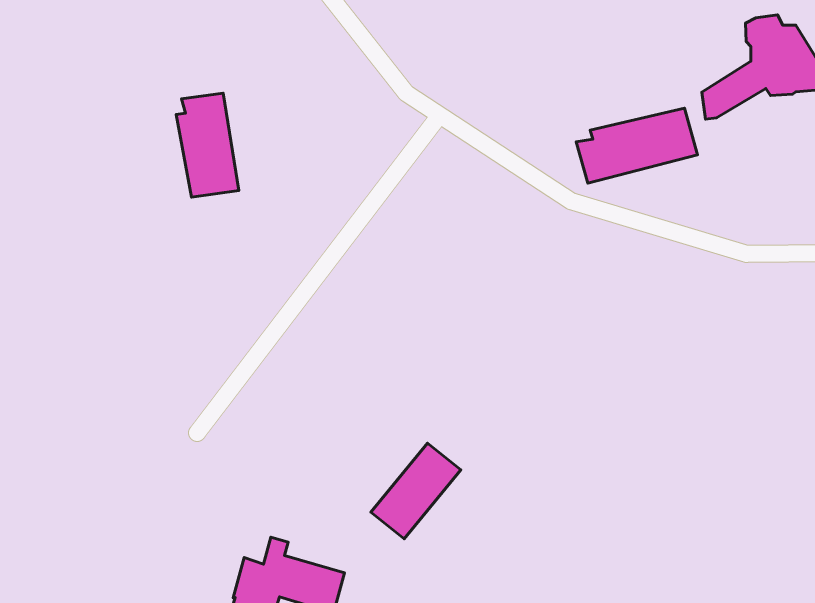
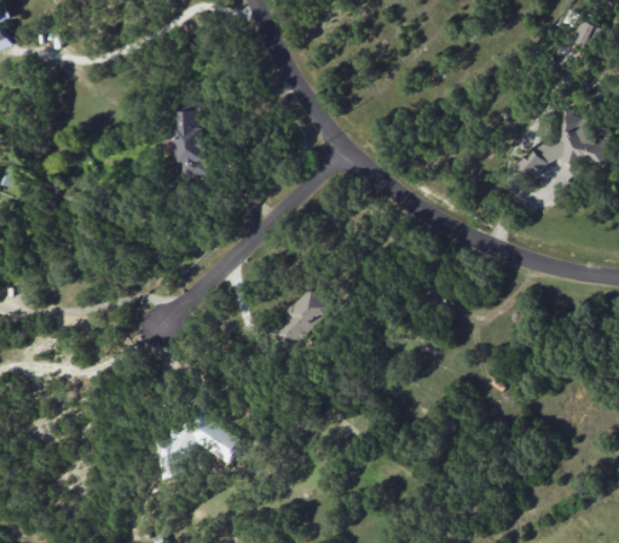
building: [576,108,698,183] -> none
building: [371,443,461,539] -> [270,288,332,348]

